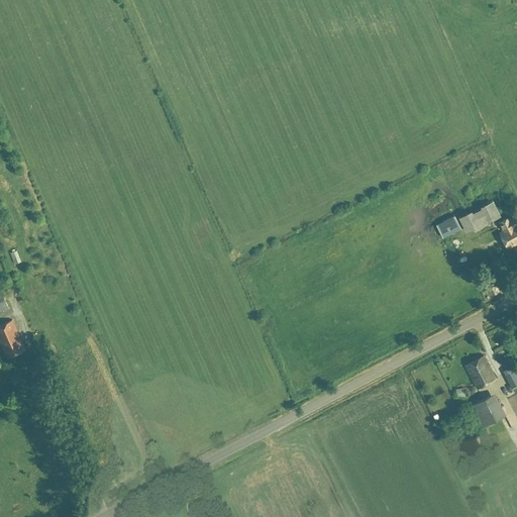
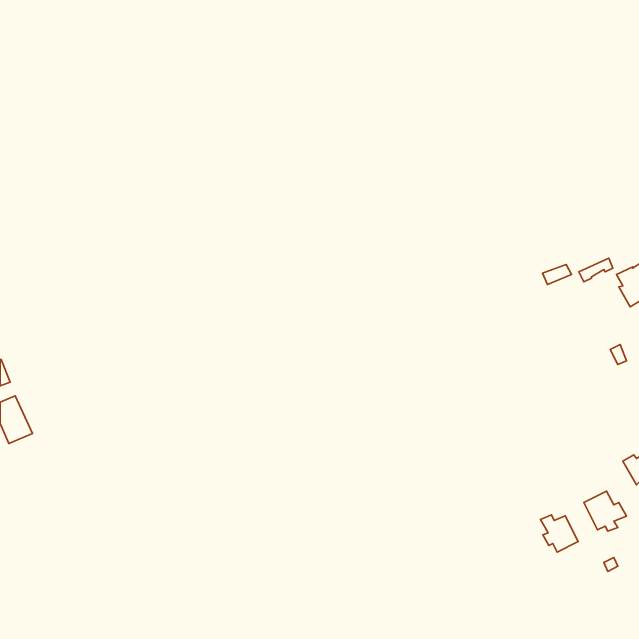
building: [466,357,497,390] -> none
building: none -> [540,515,578,552]

